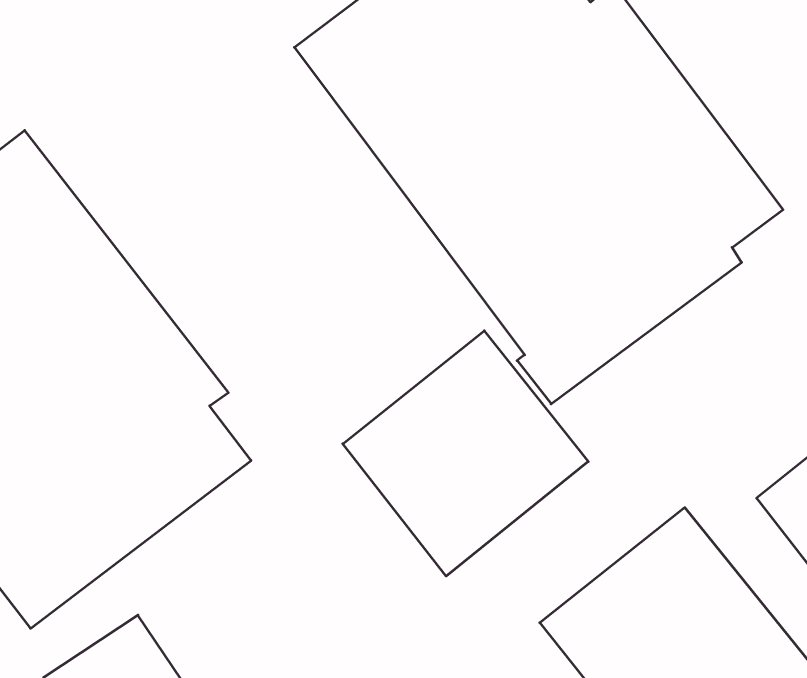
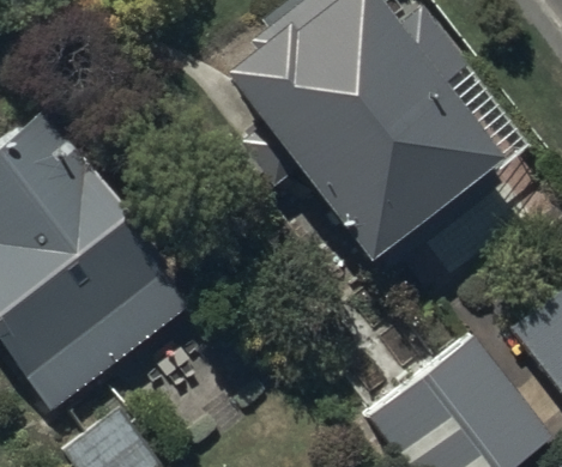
building: [343,331,588,576] -> none

